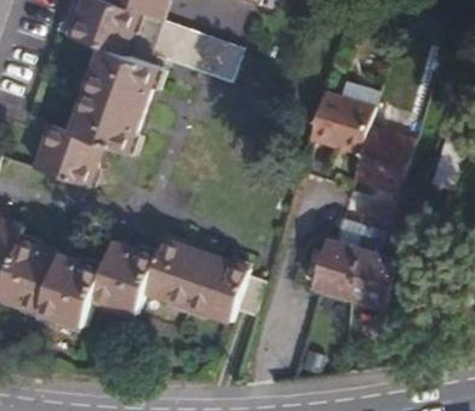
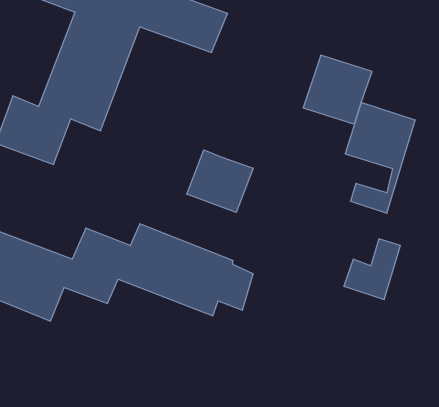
building: none -> [187,150,253,212]
building: [310,237,377,295] -> none

